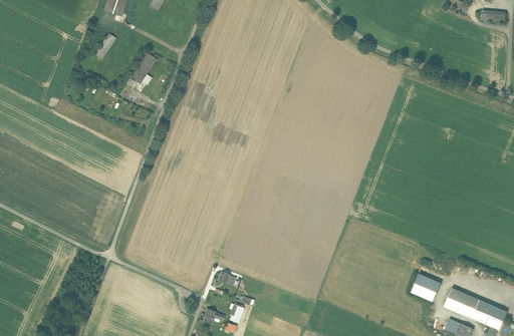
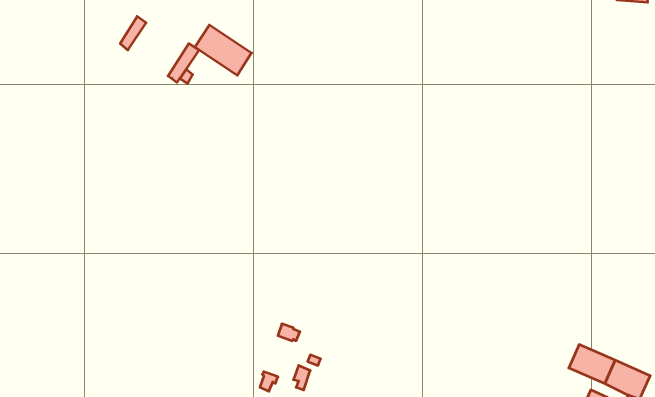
building: none -> [195,25,252,75]
building: [409,272,440,300] -> none

